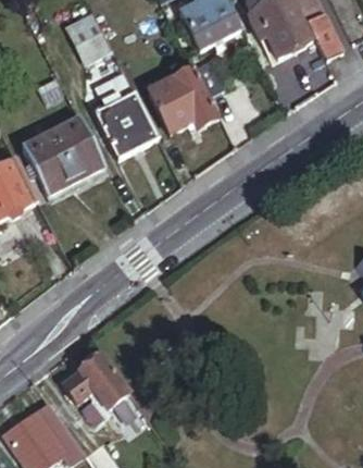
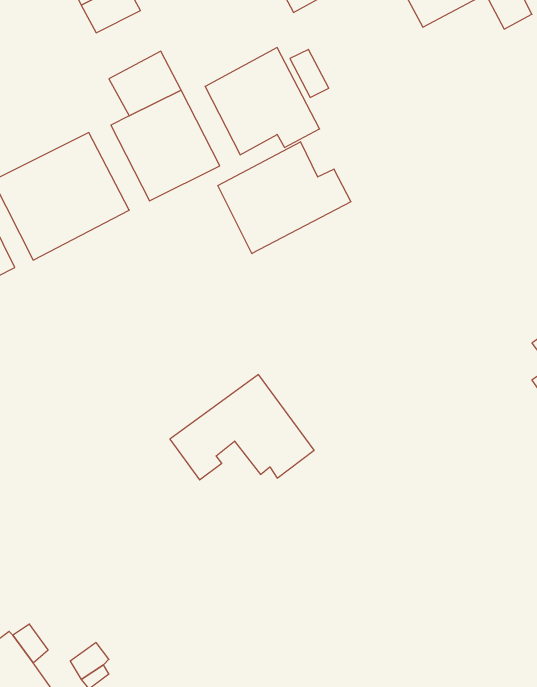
building: none -> [218,142,351,254]
building: [52,356,137,418] -> [170,375,314,480]

